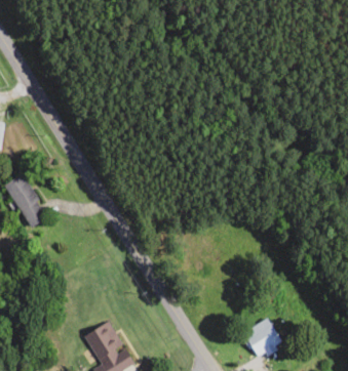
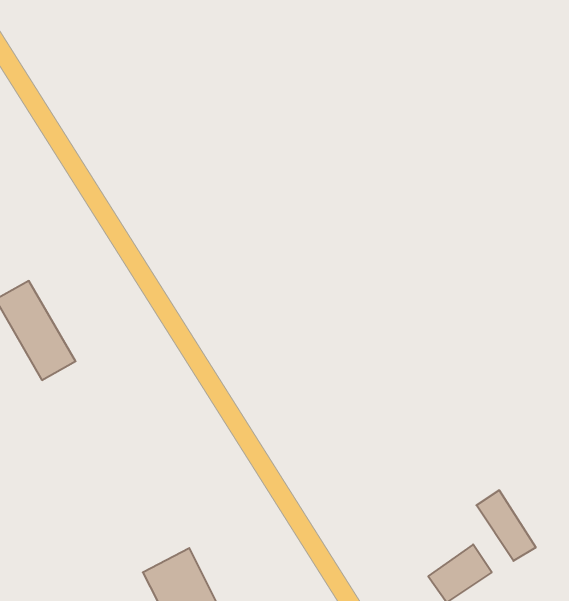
building: none -> [476,490,536,561]

